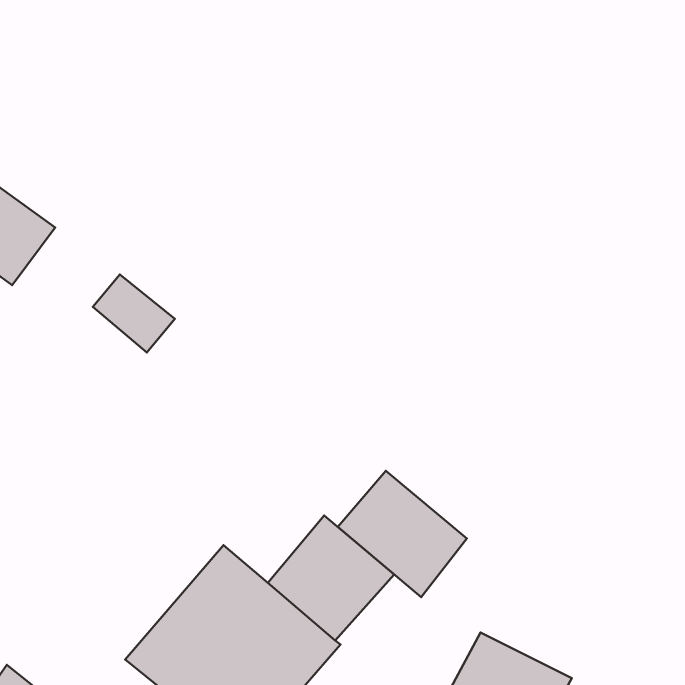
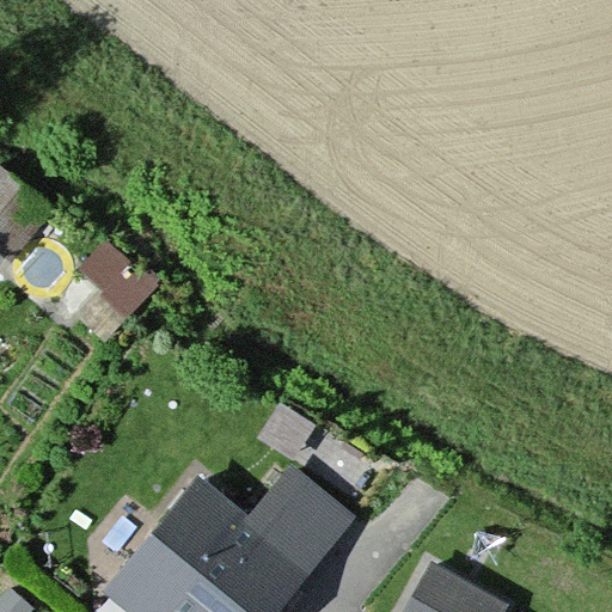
building: [338,471,467,597] -> none

